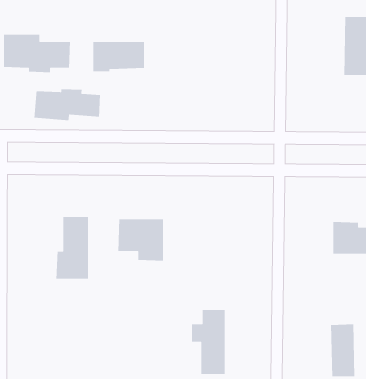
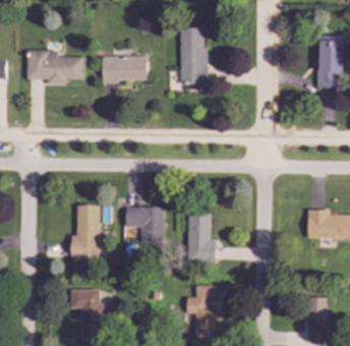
building: none -> [181,26,210,84]
building: [33,88,101,121] -> none
building: none -> [188,212,216,262]
building: none -> [71,289,107,339]

